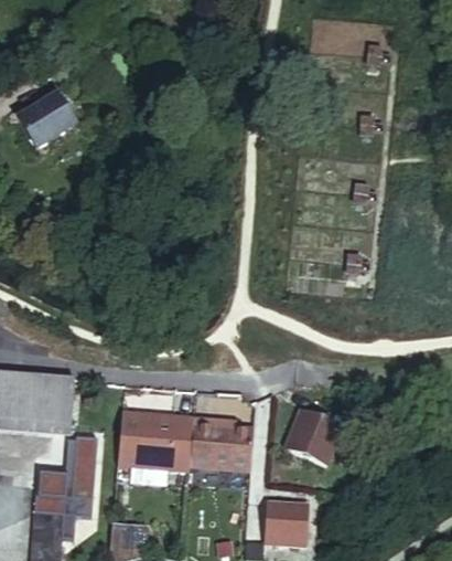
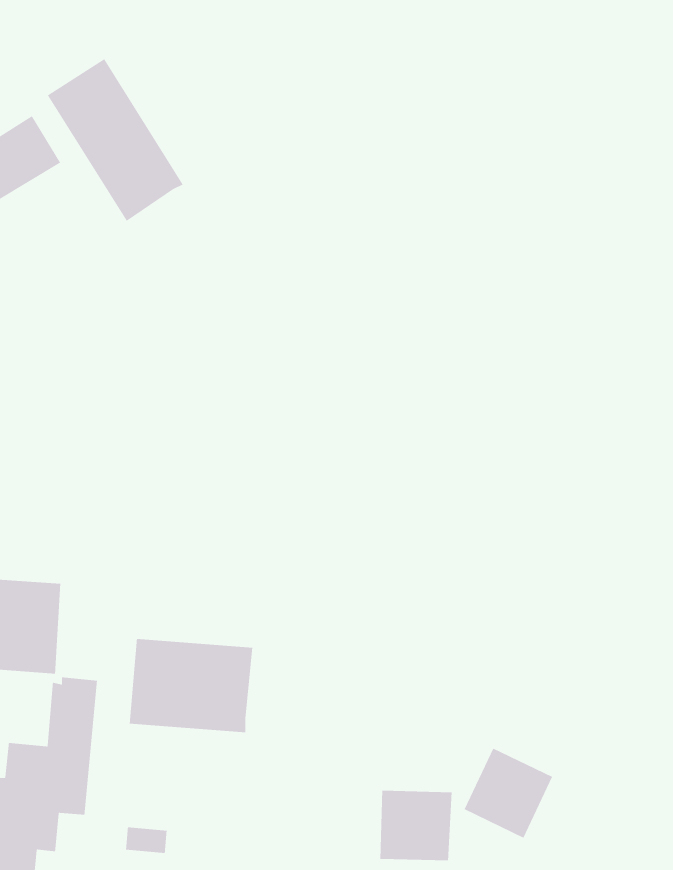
building: none -> [47,58,184,222]
building: [284,409,338,464] -> [464,747,553,839]
building: [186,415,250,464] -> none

